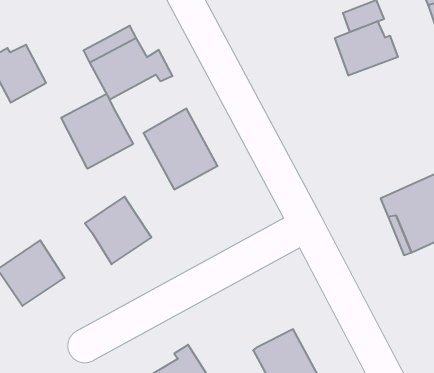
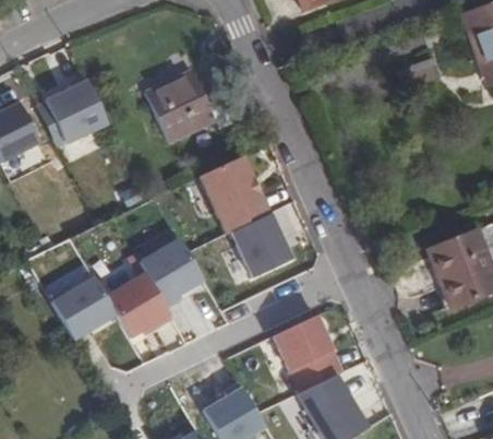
building: [335,21,398,76] -> none
building: [61,94,133,169] -> none
building: none -> [231,213,292,277]
building: none -> [104,272,171,337]
building: none -> [273,316,342,393]

